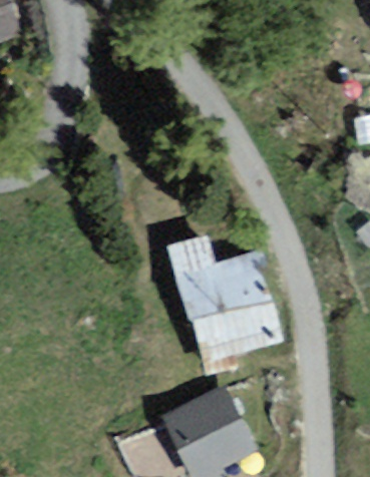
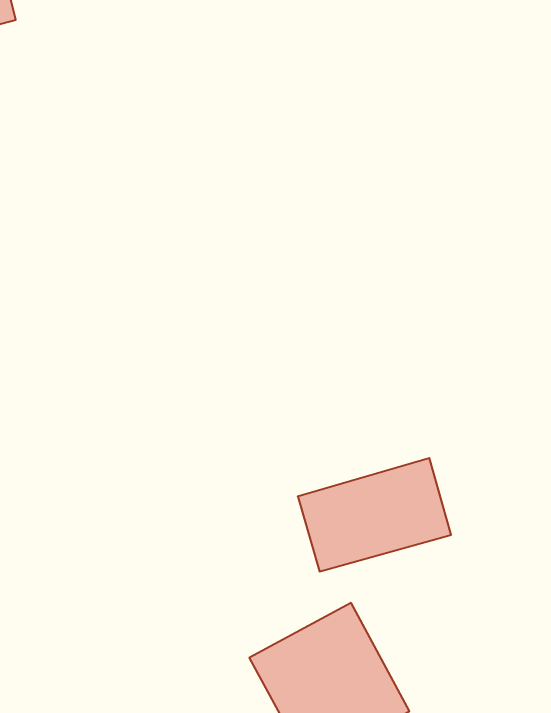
building: [168,237,268,319] -> none

